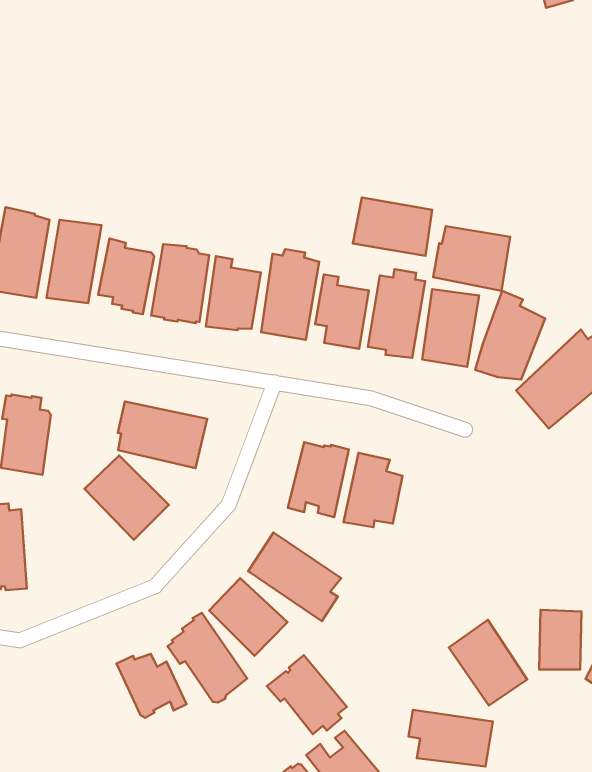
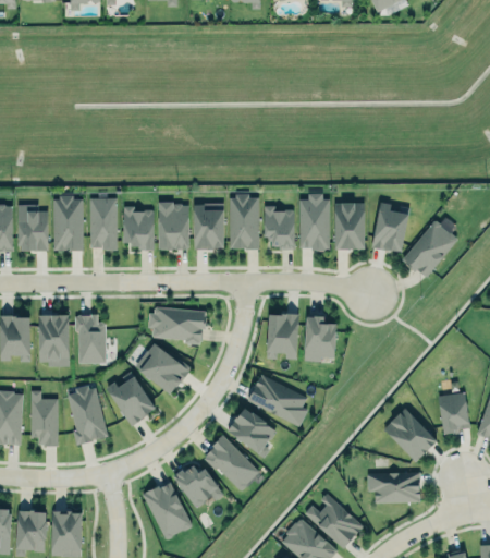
building: [353,198,432,256] -> none
building: [433,226,510,291] -> none
building: none -> [107,371,157,425]
building: [267,655,347,734] -> none
building: none -> [139,480,195,541]

